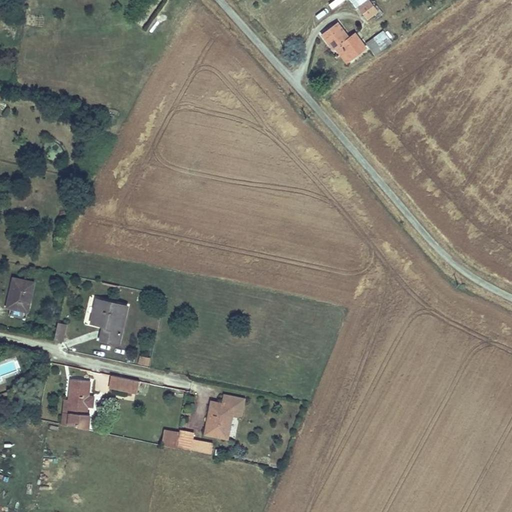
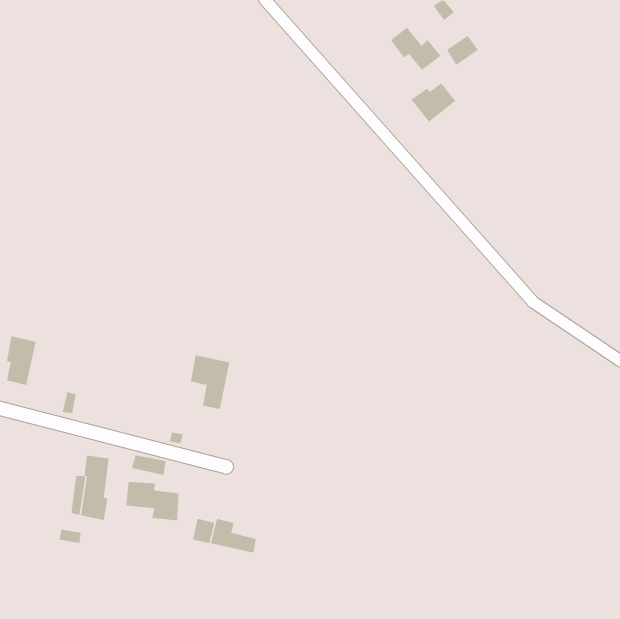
building: none -> [410,82,456,123]
building: [91,299,124,344] -> [190,355,230,409]
building: [207,392,245,435] -> none
building: none -> [126,481,179,521]

